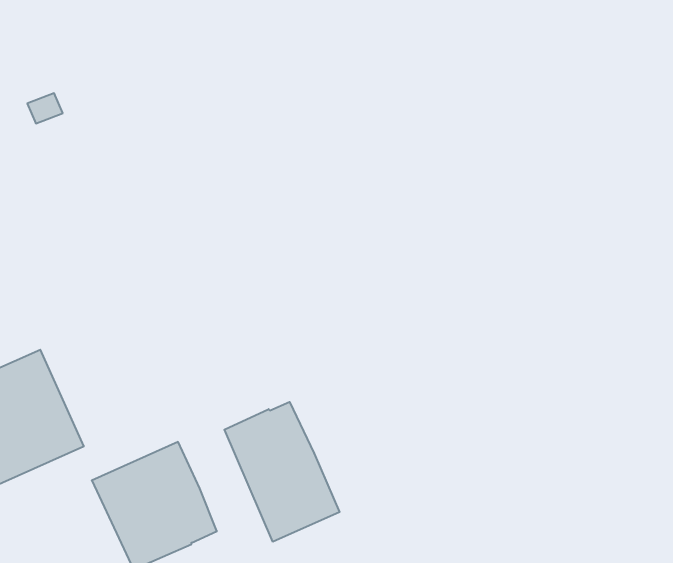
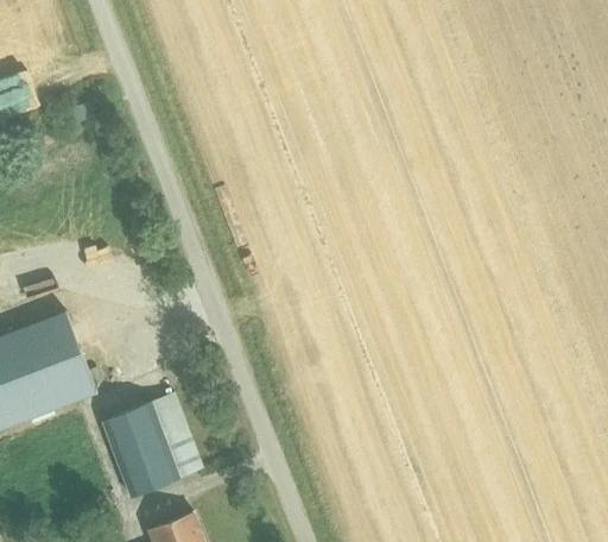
building: [224,402,340,542] -> none

